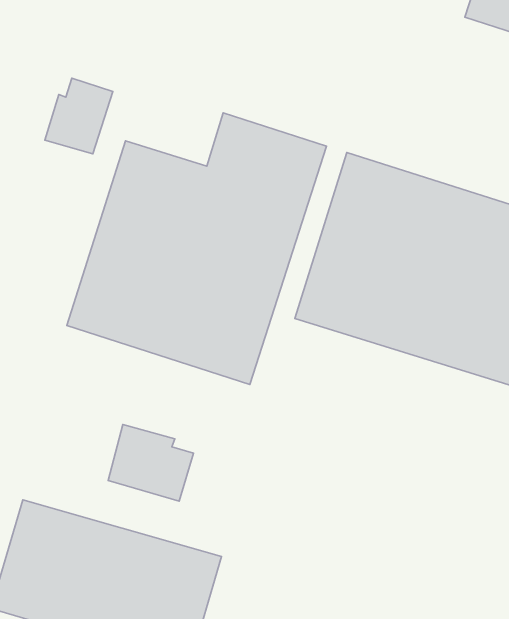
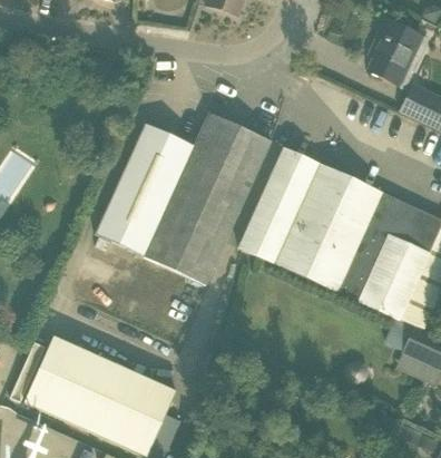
building: [45,78,113,154] -> none
building: [108,424,193,501] -> none

